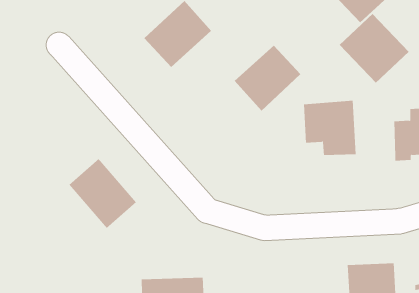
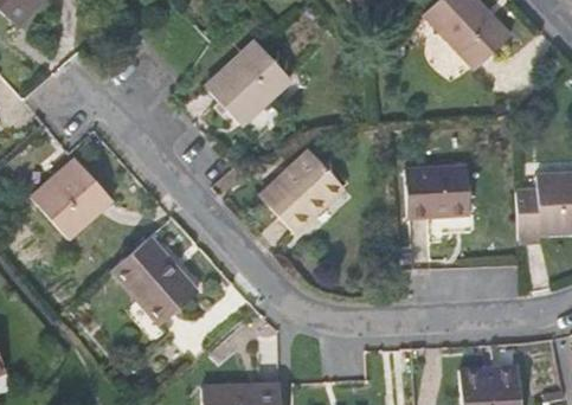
building: [339,13,409,83] -> none
building: [234,45,301,111] -> [259,150,343,233]
building: none -> [33,157,113,238]

